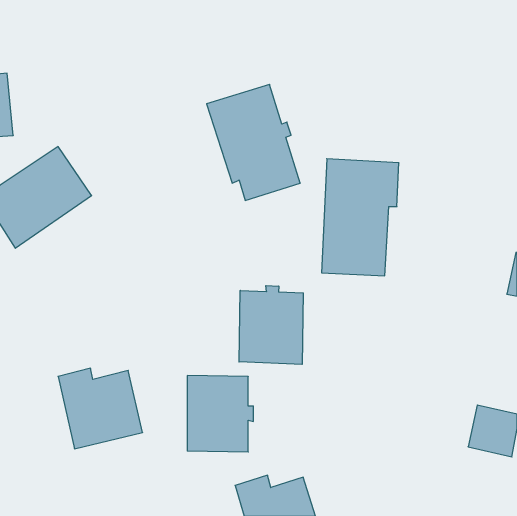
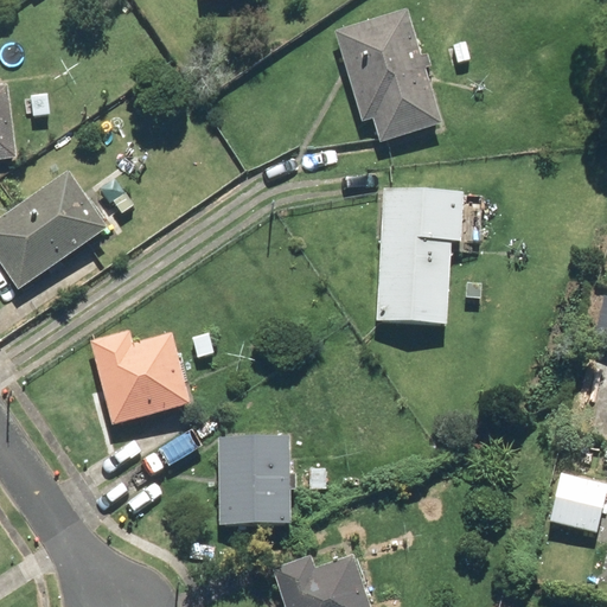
building: [207,84,300,200] -> [332,6,441,141]
building: [239,286,303,364] -> none
building: [58,368,143,449] -> [92,330,191,423]

